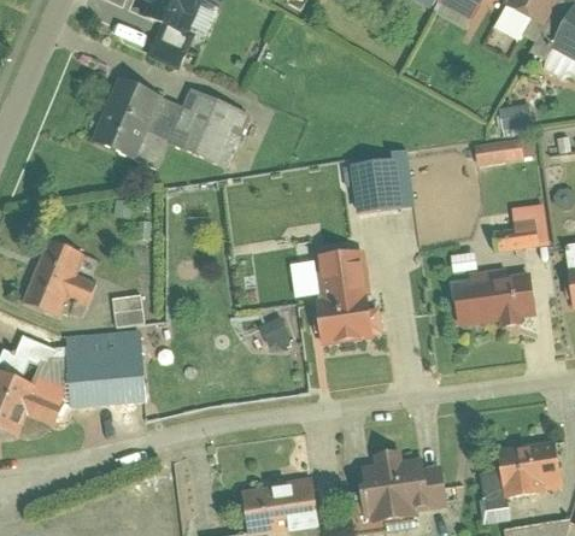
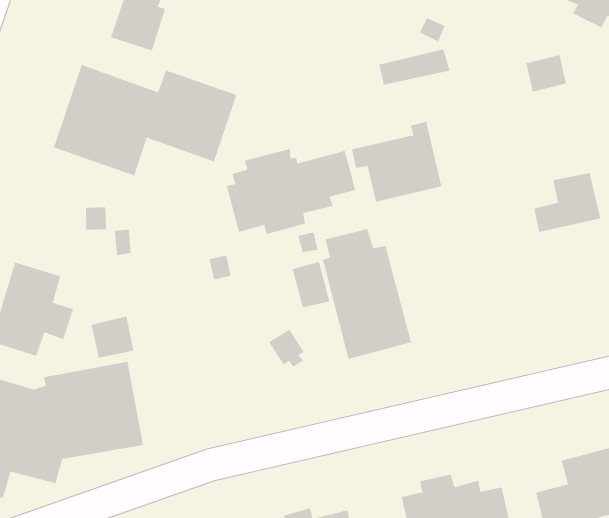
building: [474,136,534,163] -> [379,49,450,85]
building: none -> [226,148,356,235]
building: [446,249,539,329] -> none

